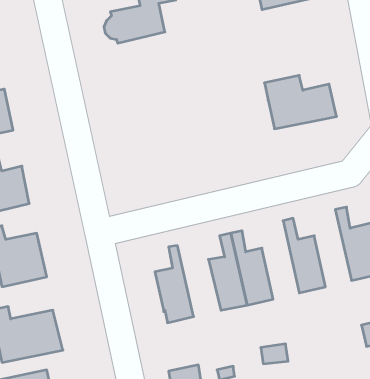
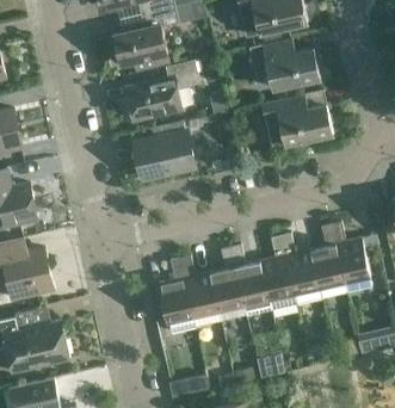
building: none -> [248,41,317,89]
building: none -> [125,61,198,120]
building: none -> [135,122,192,178]
building: none -> [309,224,345,298]
building: none -> [259,235,295,310]
building: none -> [178,256,220,327]

